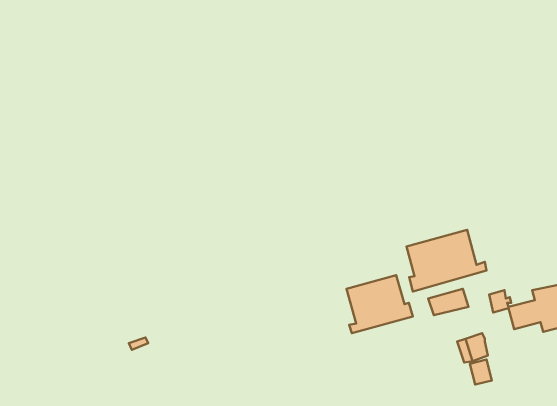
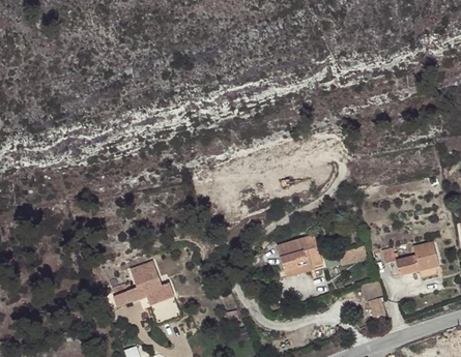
building: [407,230,487,291] -> none
building: none -> [126,261,181,325]

